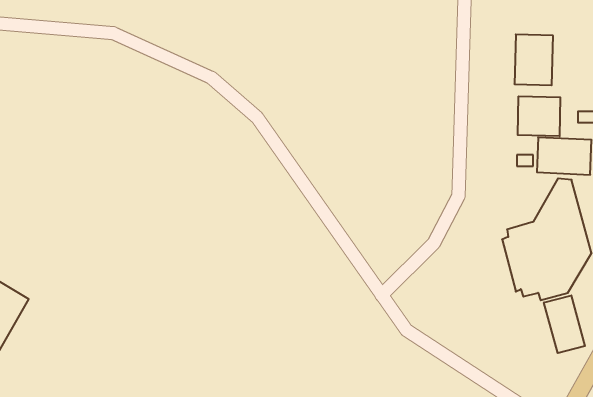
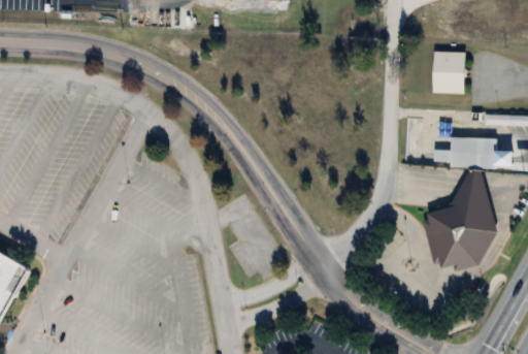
building: [518,96,560,136] -> none
building: [544,295,585,353] -> none

